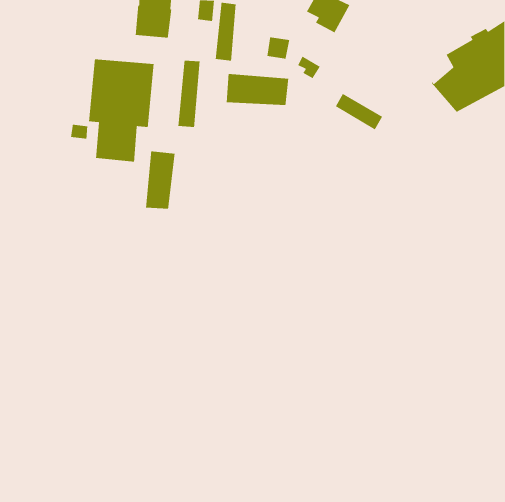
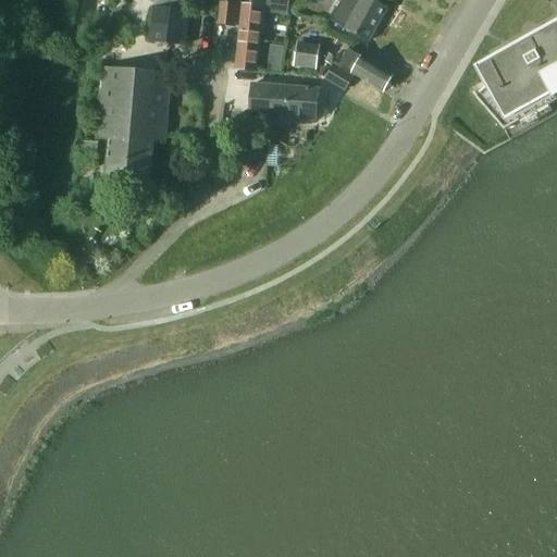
building: [178,60,200,128] -> none
building: [335,93,383,130] -> [339,47,393,88]
building: [145,151,176,210] -> none

